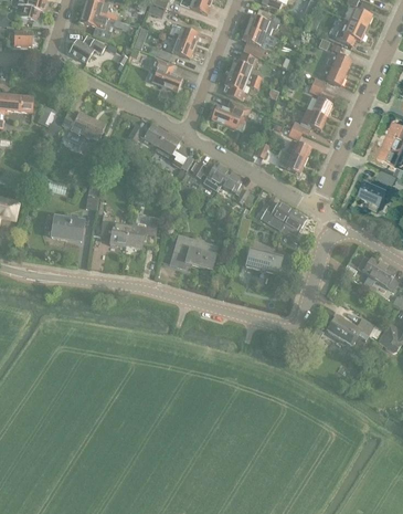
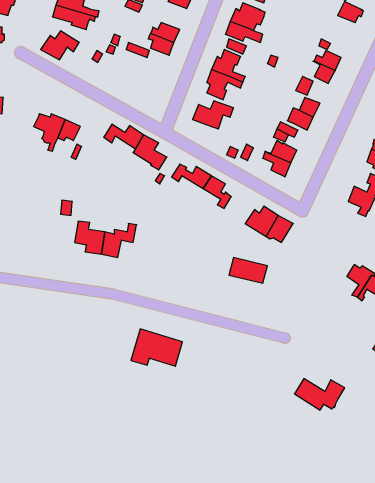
building: [333,20,364,45] -> none
building: [151,57,181,92] -> none
building: [51,217,84,241] -> none
building: [169,235,218,271] -> [131,329,182,366]
building: [327,316,374,346] -> [294,379,345,410]

